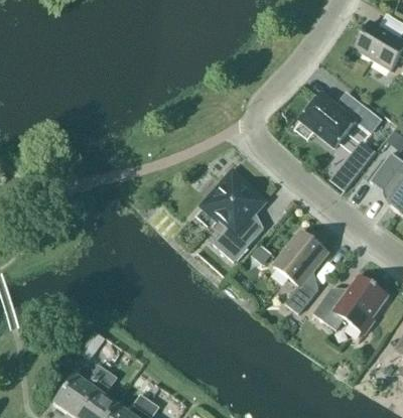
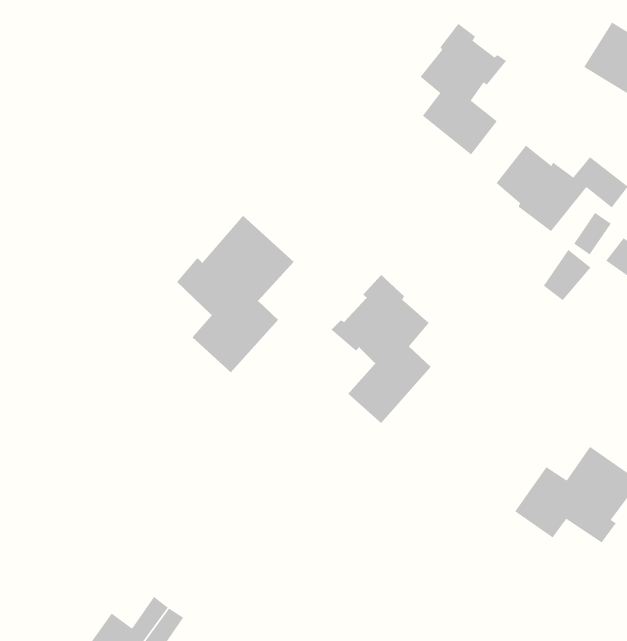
building: none -> [420,23,507,155]
building: none -> [176,215,294,373]
building: [273,232,325,312] -> none

